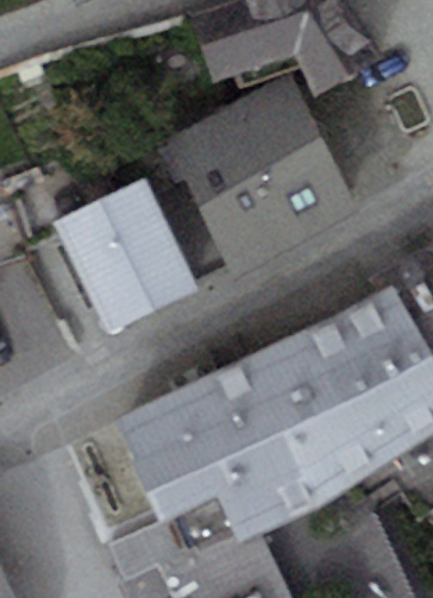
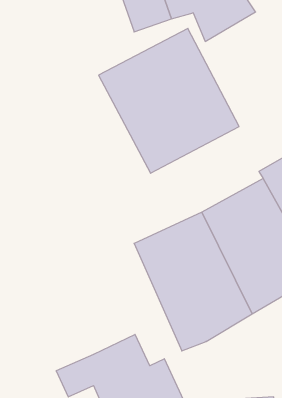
building: [55,180,197,333] -> none
building: [117,372,282,540] -> none

